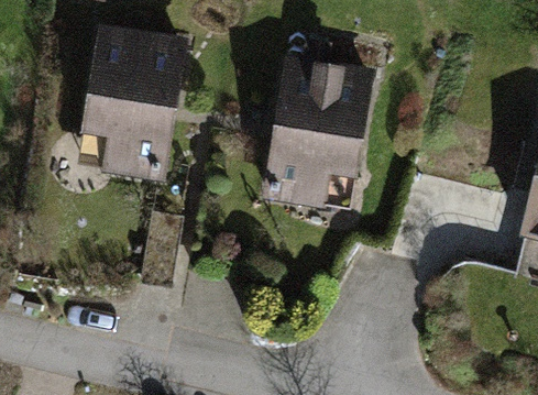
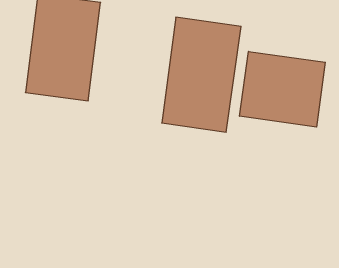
building: none -> [240,51,325,127]

